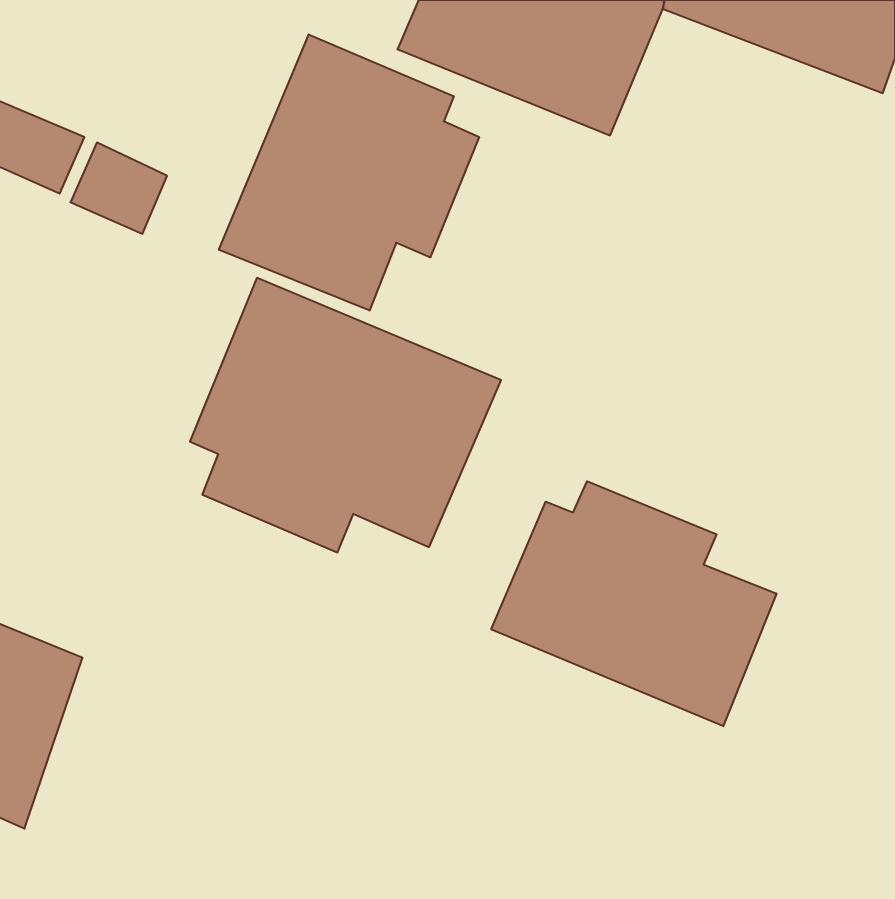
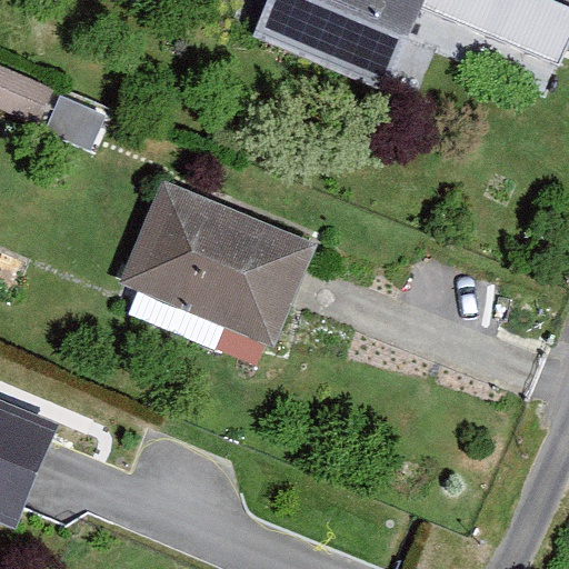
building: [219,34,479,311] -> none
building: [491,481,776,726] -> none

